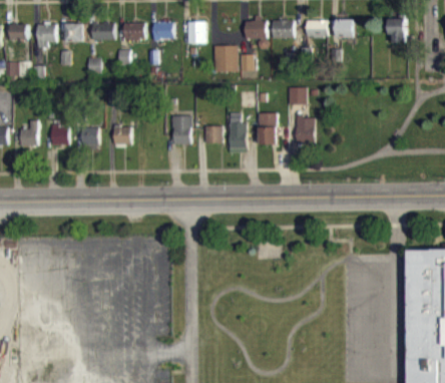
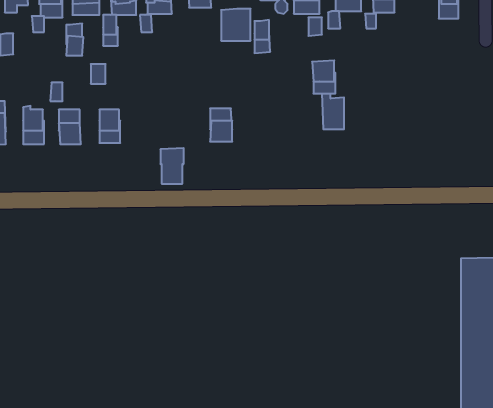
building: [258,110,276,141] -> none
building: [171,113,190,142] -> [160,148,184,184]
building: [229,120,246,150] -> none

